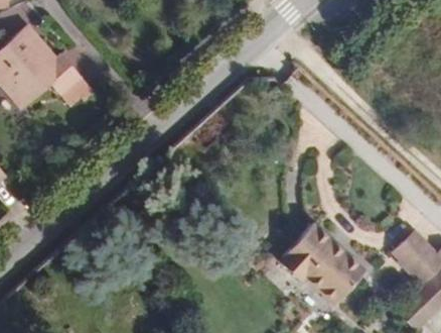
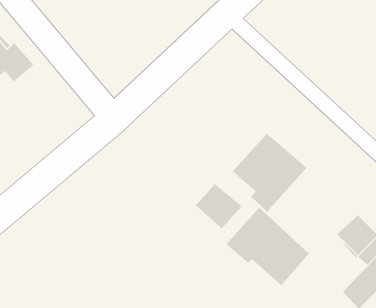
building: none -> [232,133,308,213]
building: none -> [195,183,243,229]

